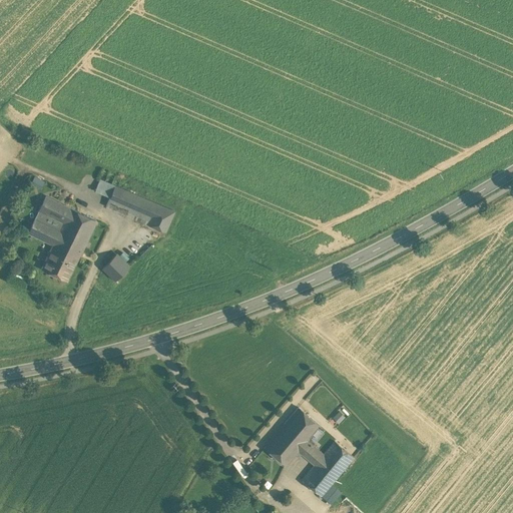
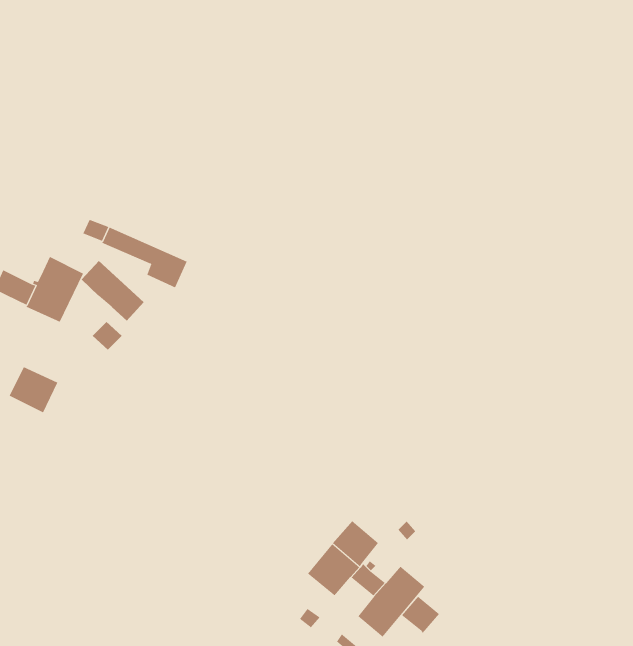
building: [39,196,70,223] -> none
building: none -> [81,260,144,322]
building: [41,246,78,282] -> [9,367,58,413]
building: none -> [401,596,440,634]

